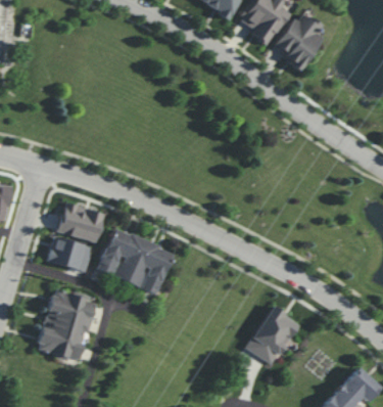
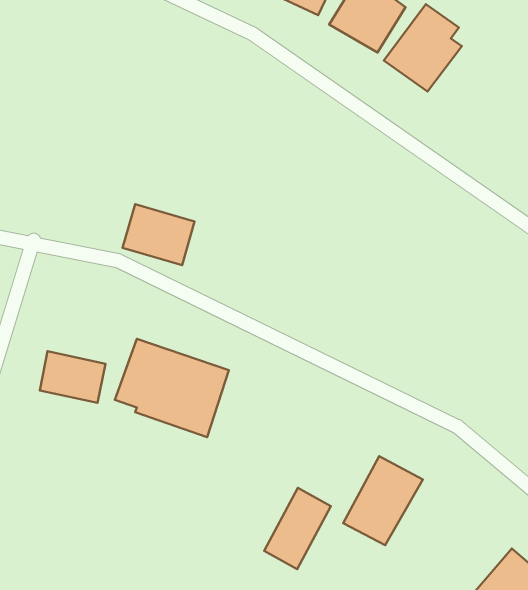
building: [58,202,105,242] -> [123,204,195,265]
building: [38,288,98,359] -> none
building: none -> [264,488,331,569]

